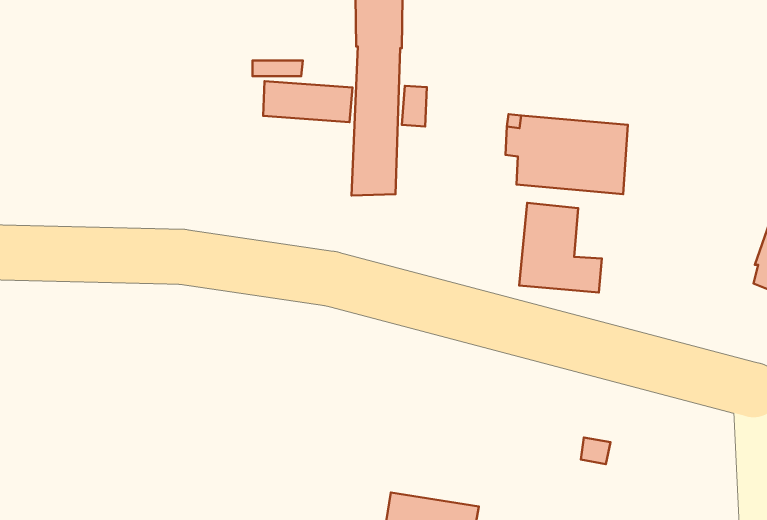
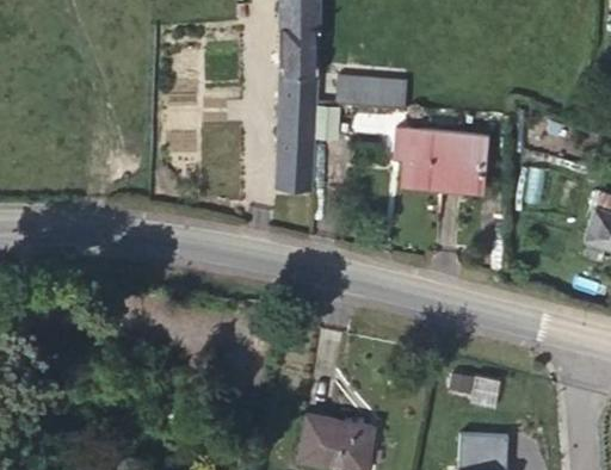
building: [263,81,353,122] -> [338,76,406,107]
building: [519,203,602,293] -> none

